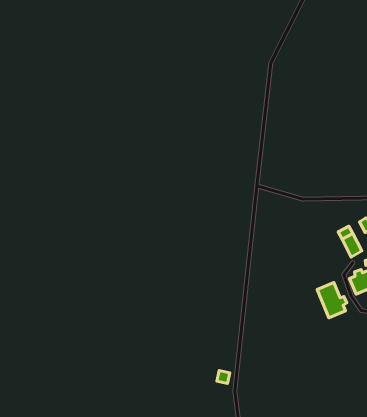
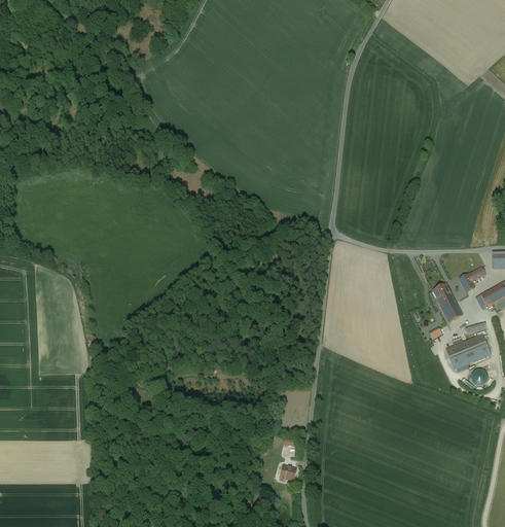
building: [317,283,347,318] -> none

